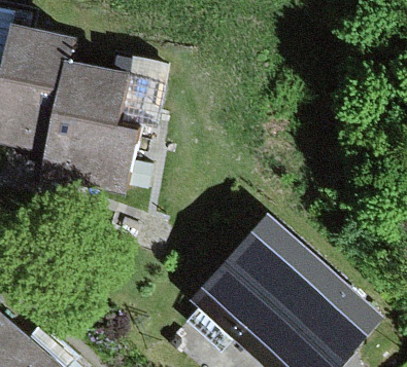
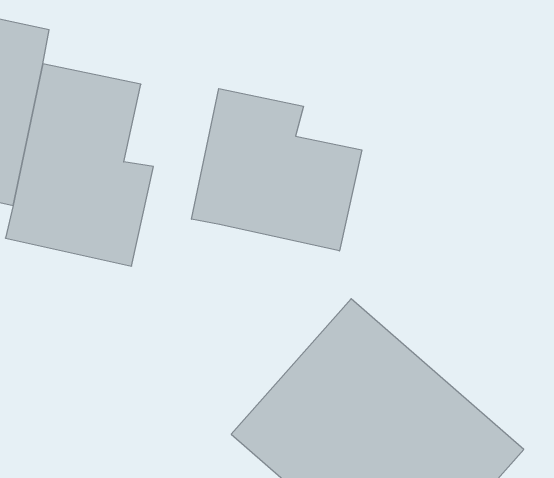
building: none -> [192,89,362,251]

